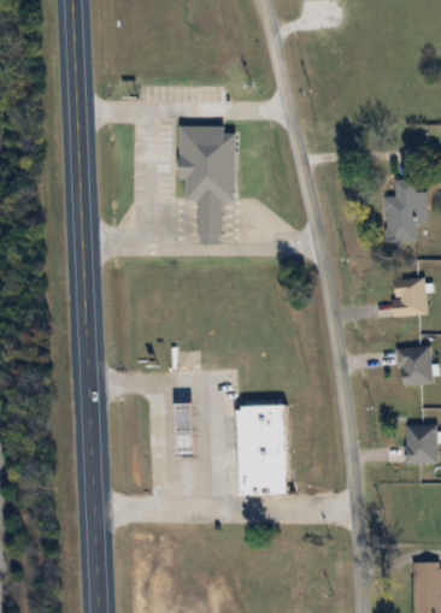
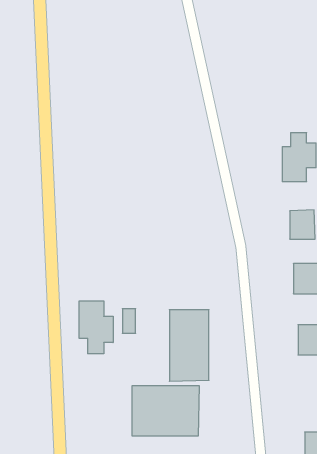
building: [181,126,236,243] -> none
building: none -> [79,301,113,354]
building: none -> [132,386,199,436]

